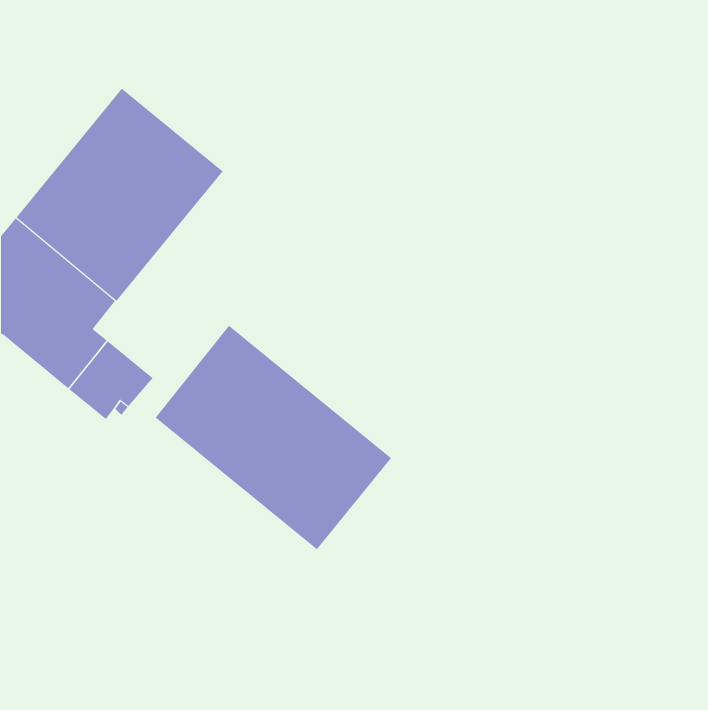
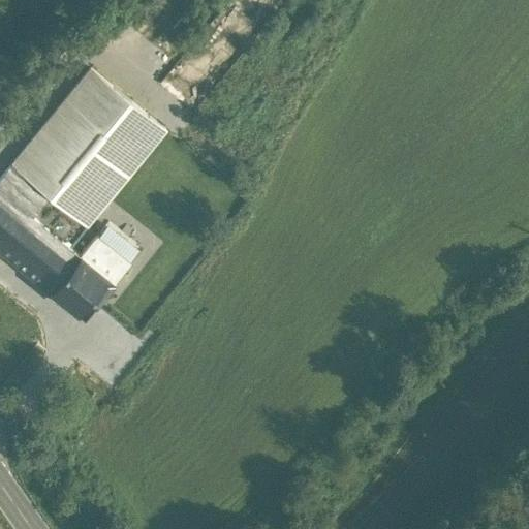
building: none -> [84,232,133,280]
building: [155,326,392,550] -> none

